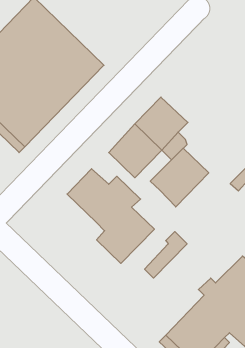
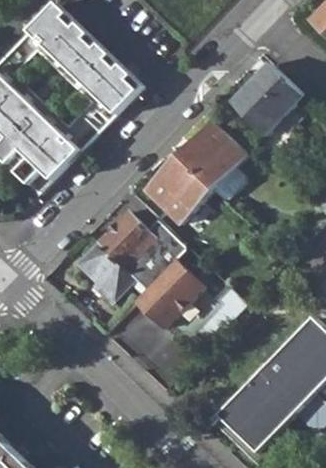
building: none -> [233,64,305,136]
building: [150,148,209,207] -> none
building: none -> [78,243,134,302]

